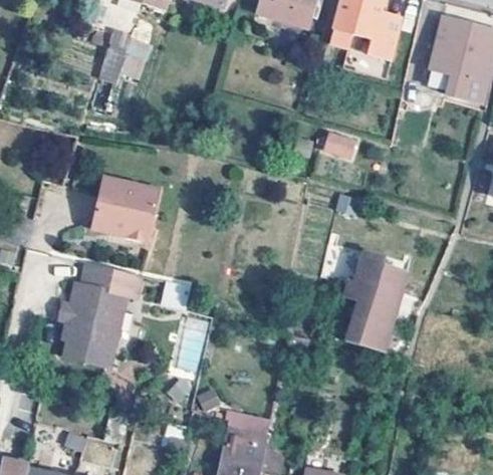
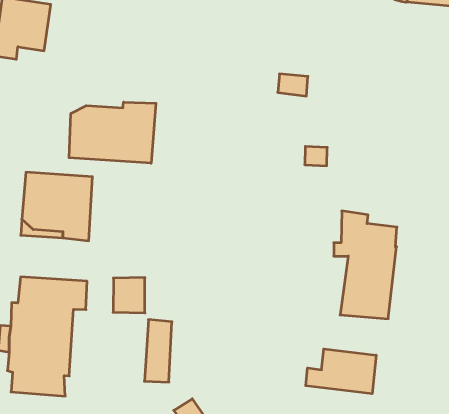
building: none -> [69,102,156,163]
building: none -> [306,349,376,394]

